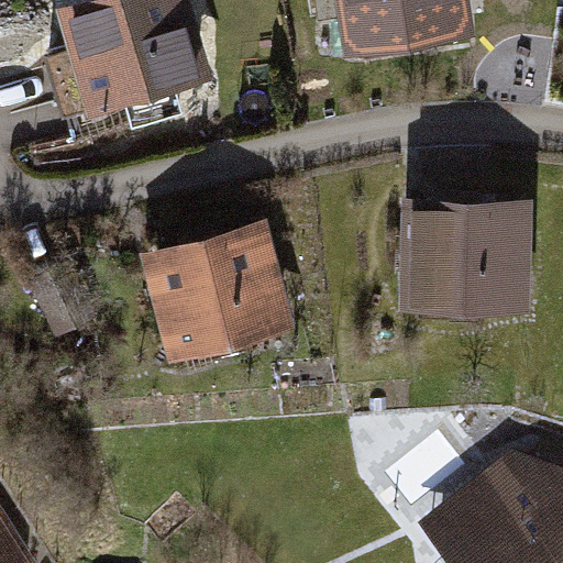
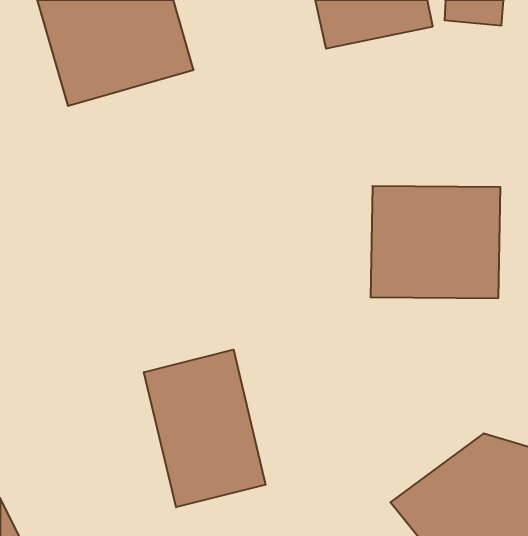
building: [139,224,292,362] -> none
building: none -> [144,350,266,507]

